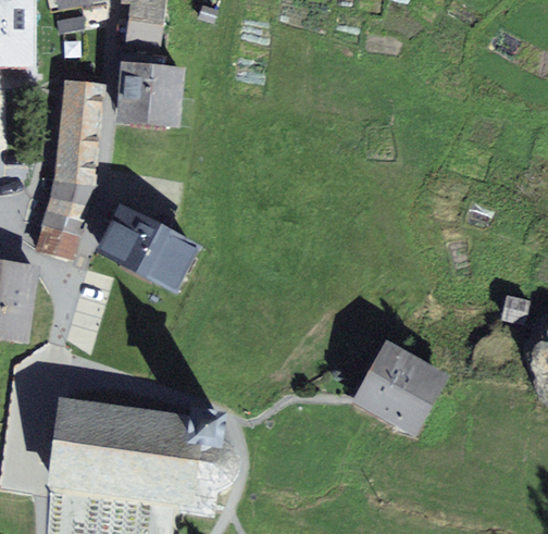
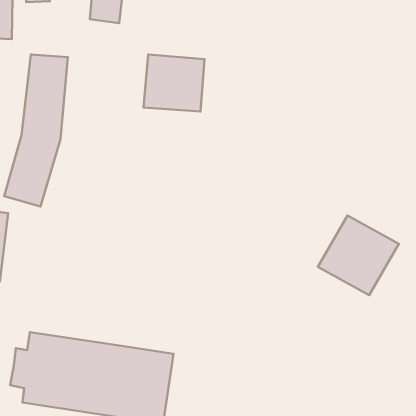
building: [111,59,180,124] -> [144,54,204,111]
building: [95,208,197,294] -> none
building: [356,338,448,430] -> [318,215,399,295]

